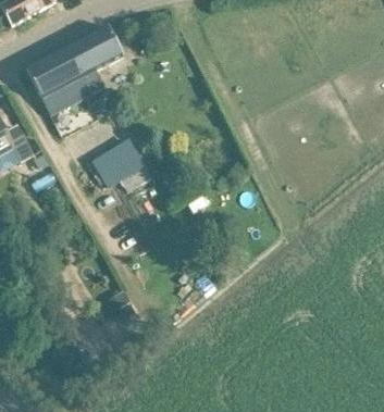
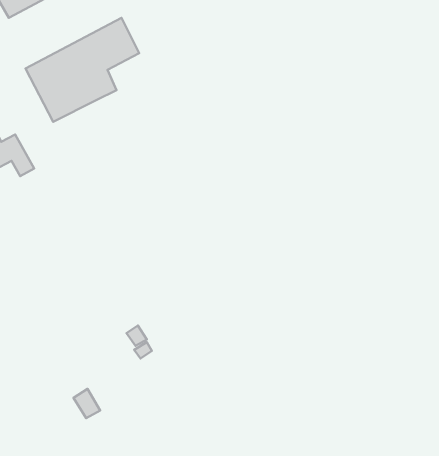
building: [92,140,152,191] -> none

